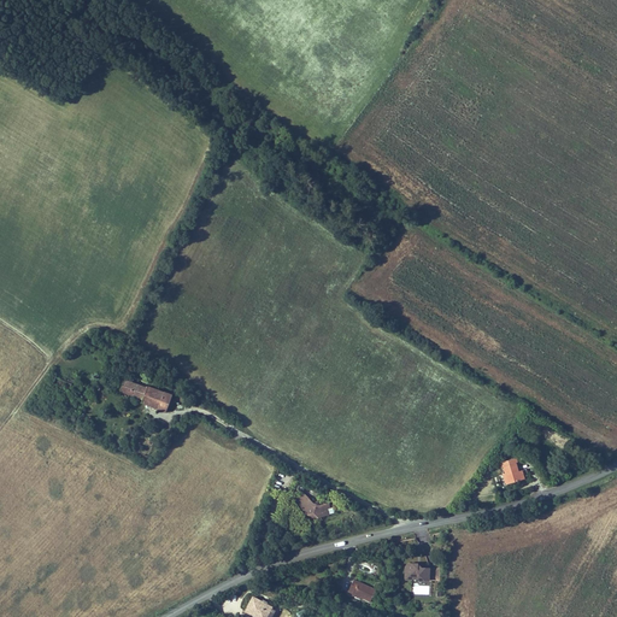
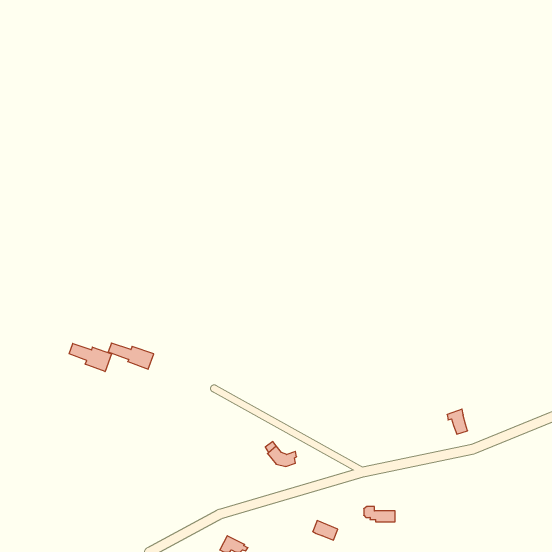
building: none -> [69,343,111,372]

